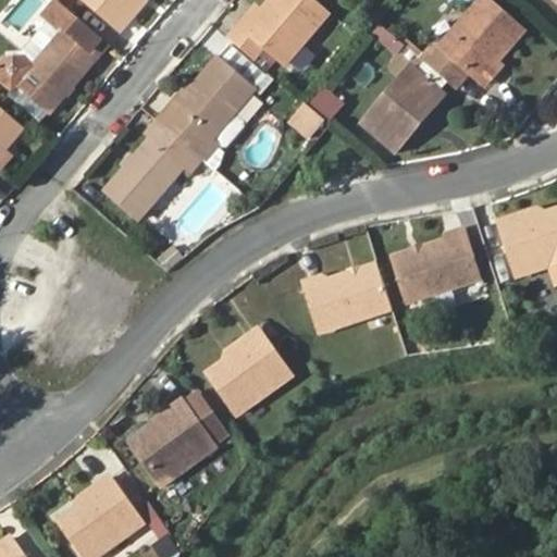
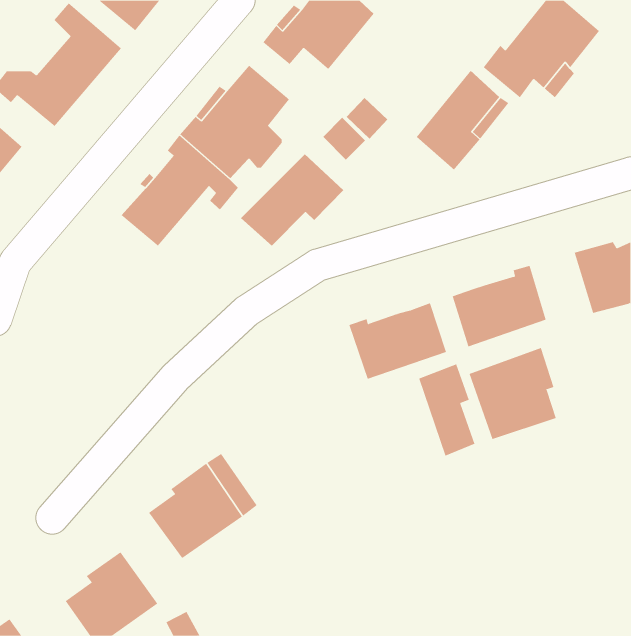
building: none -> [240,153,344,246]
building: none -> [469,347,557,440]
building: none -> [419,364,475,457]
building: [207,333,289,418] -> none

